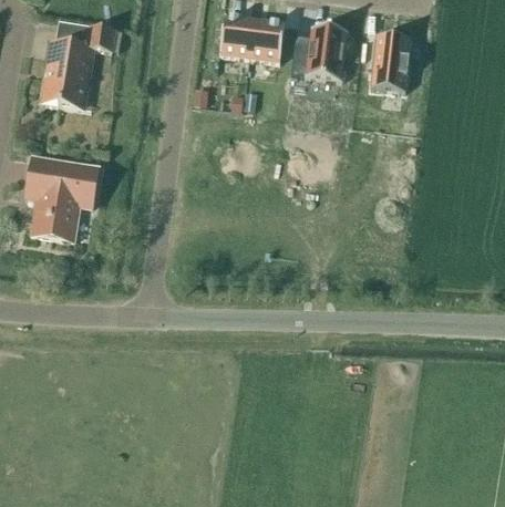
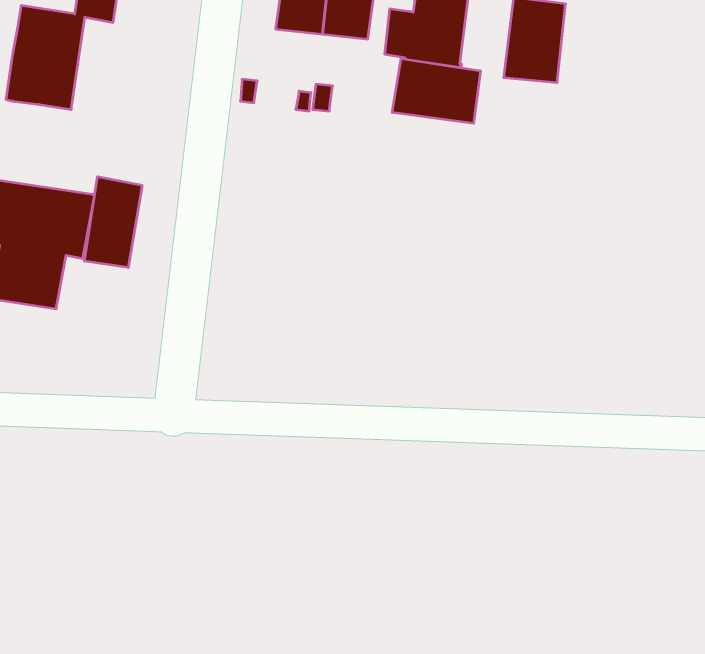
building: none -> [392,59,480,123]
building: none -> [85,177,142,268]

